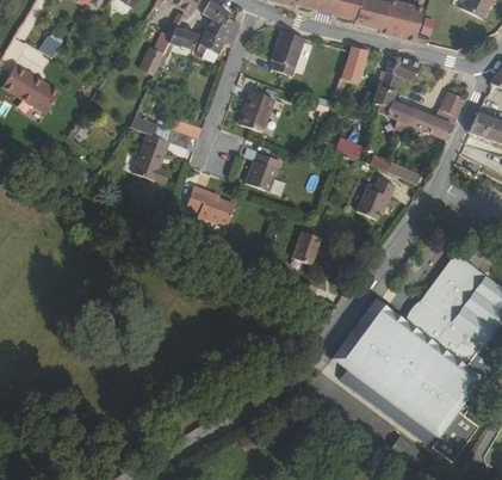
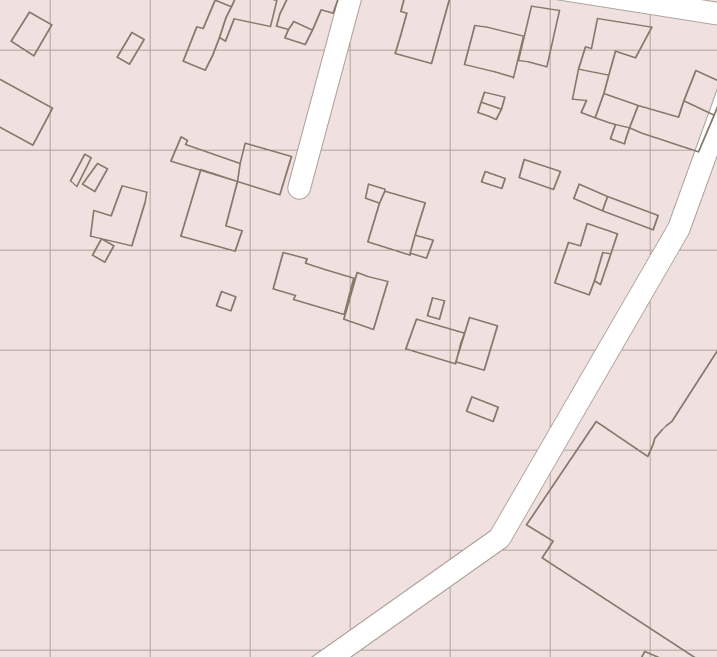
building: none -> [464,25,524,78]
building: [237,91,271,130] -> none
building: none -> [91,186,147,246]
building: none -> [344,272,388,330]
building: none -> [406,319,465,364]

